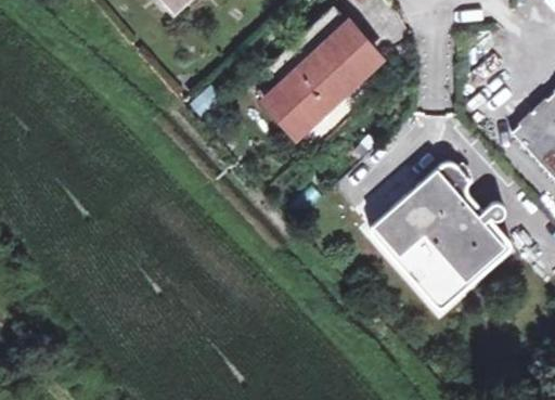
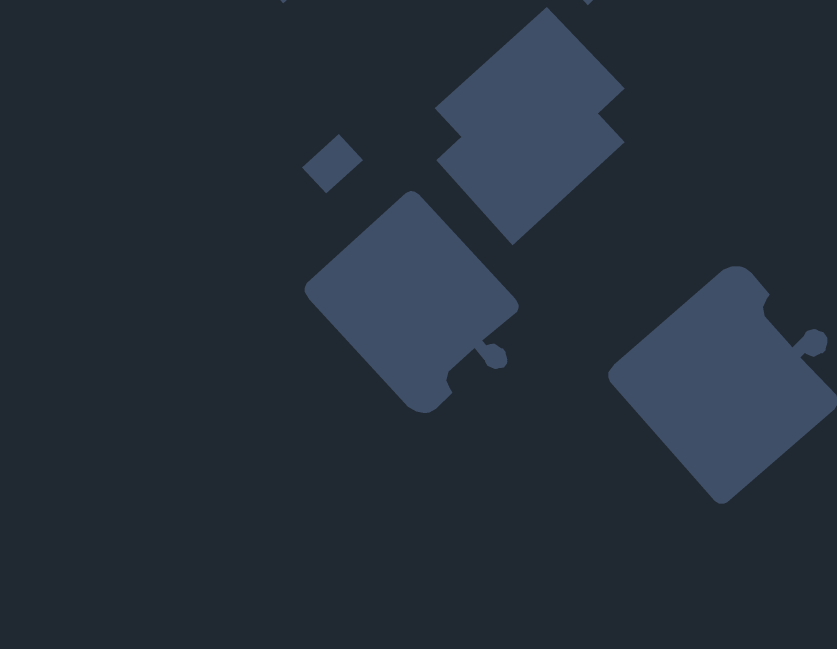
building: none -> [304,190,519,414]

